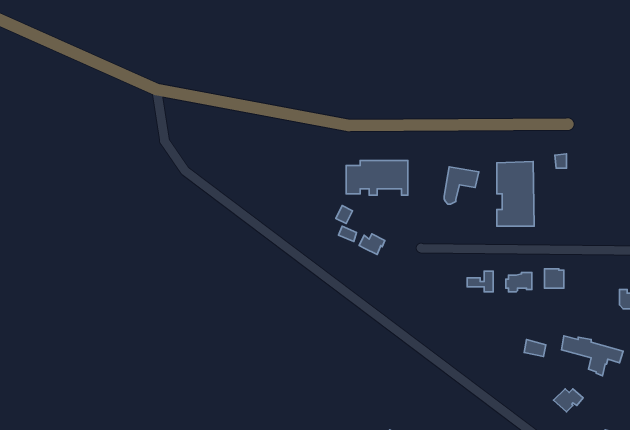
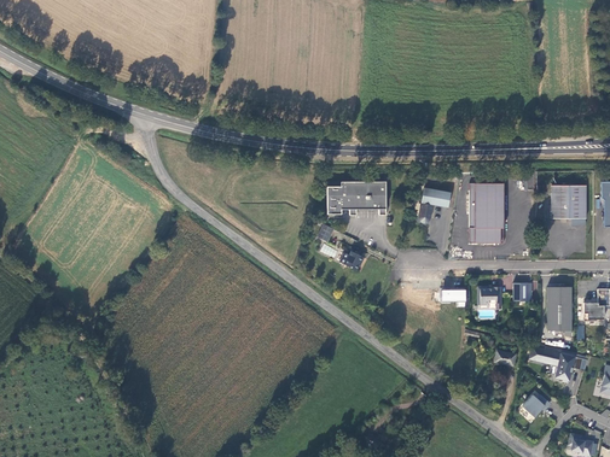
building: none -> [551,184,586,217]
building: none -> [547,286,571,334]

